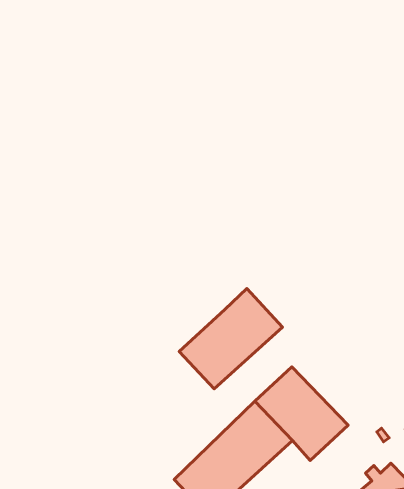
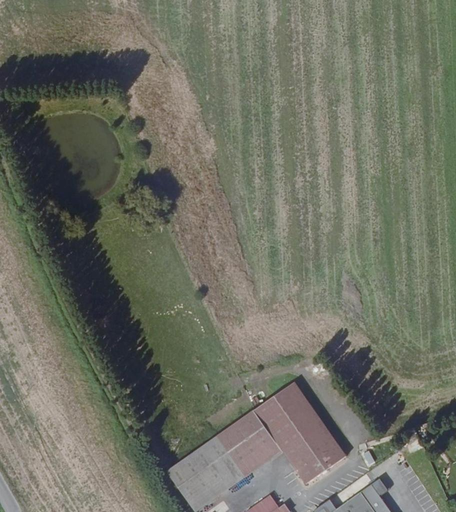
building: [179,289,283,389] -> none
building: none -> [297,444,346,485]

